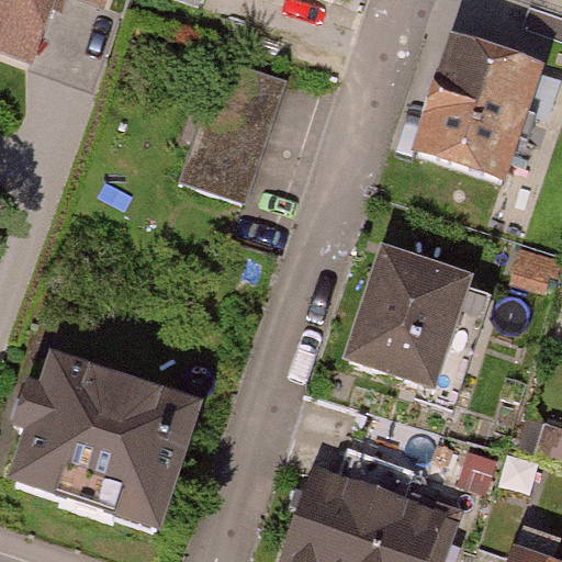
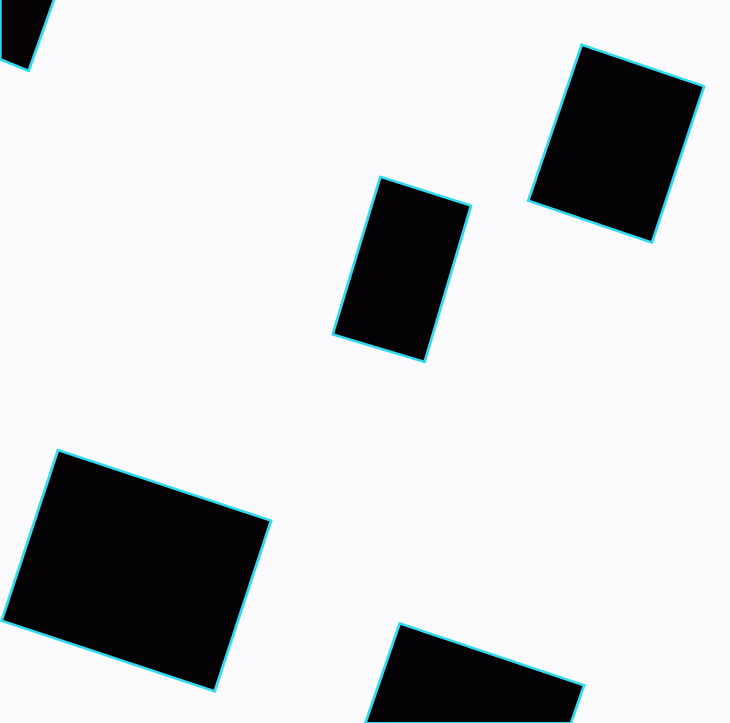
building: [184,58,290,199] -> [333,177,471,362]
building: [338,252,474,395] -> none

